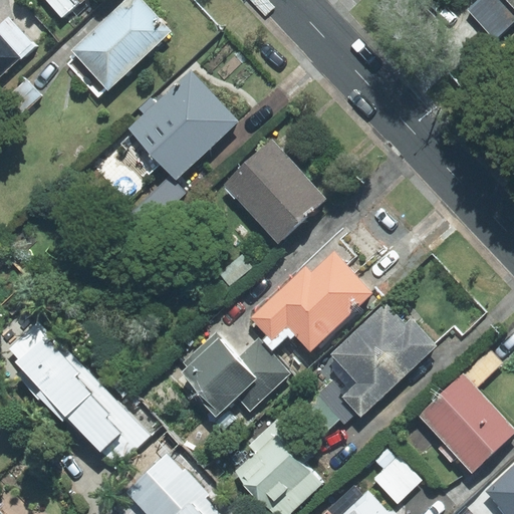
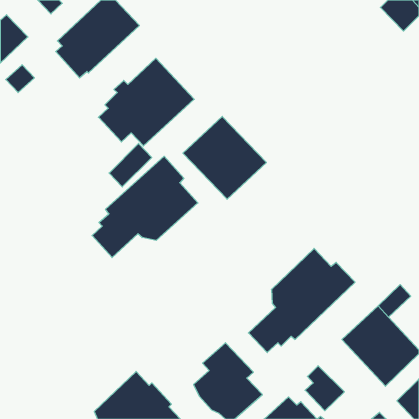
building: none -> [92,156,198,258]
building: [251,252,372,351] -> none
building: [9,321,149,467] -> none
building: [182,331,291,415] -> none

